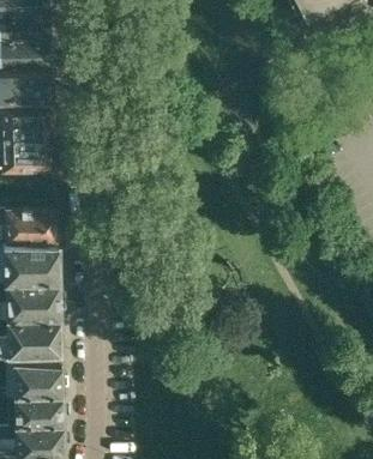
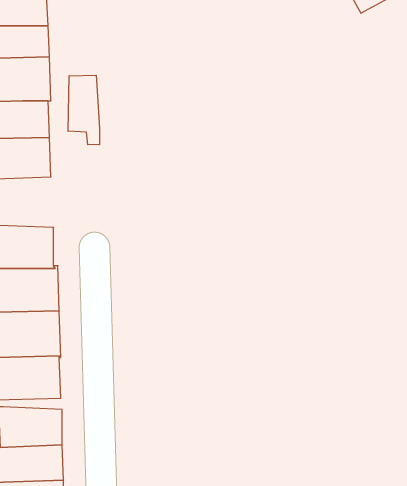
building: none -> [68,75,100,145]

